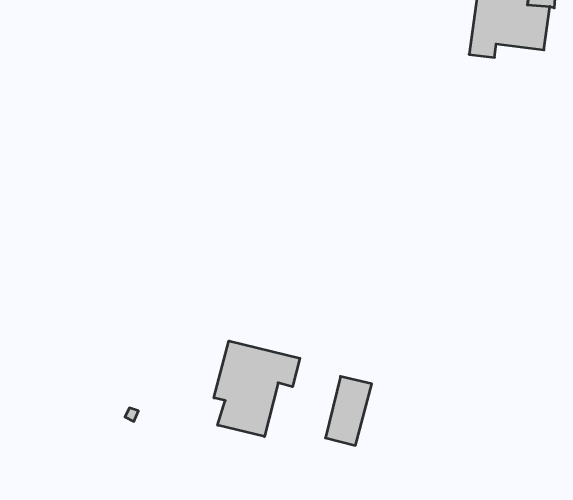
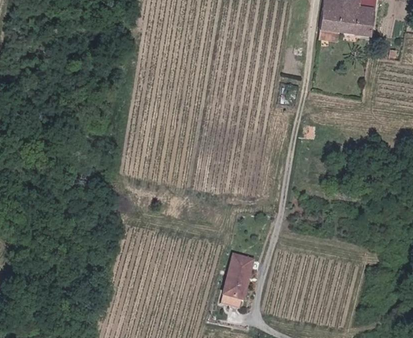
building: [214,341,300,437] -> none

